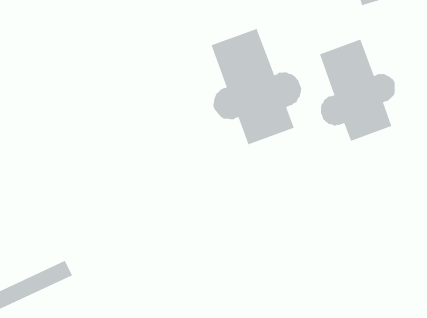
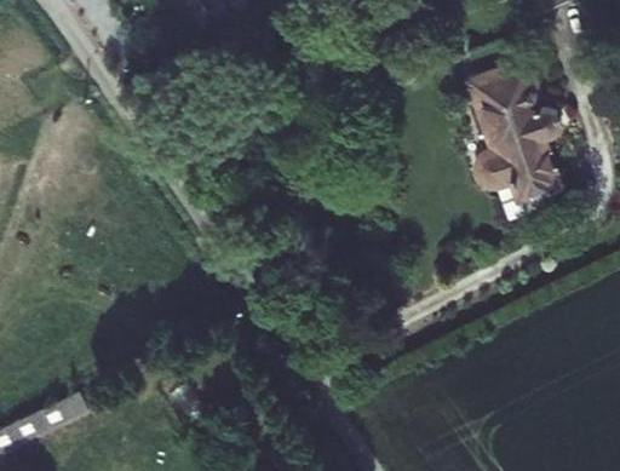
building: [211,28,302,145] -> none

